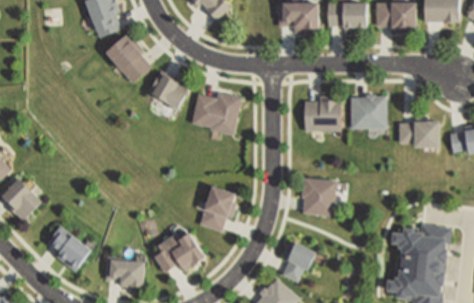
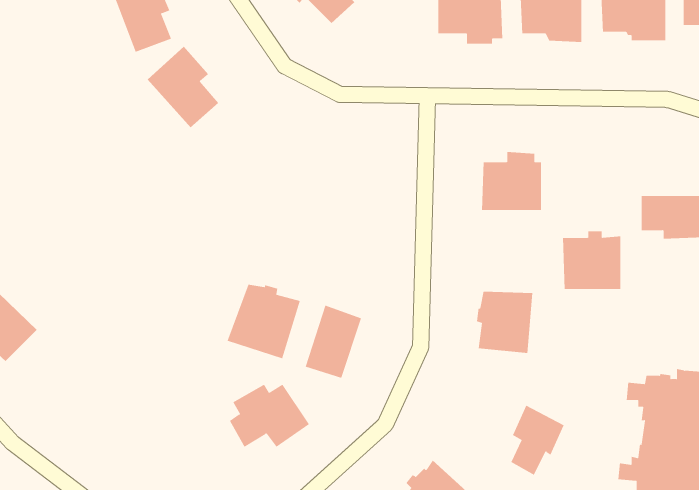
building: [148,70,187,107] -> none
building: [192,91,240,133] -> none
building: [350,93,385,128] -> [562,231,621,290]
building: none -> [227,284,301,359]
building: [47,226,88,269] -> none
building: [282,240,314,282] -> [511,405,564,476]
building: [106,260,143,287] -> none

